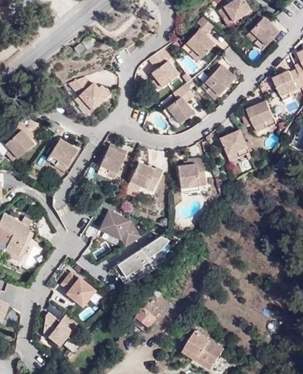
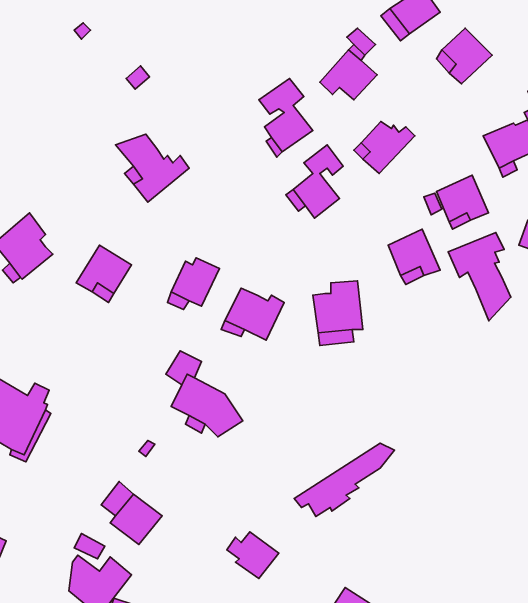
building: none -> [448,233,511,321]
building: [112,236,168,277] -> [294,443,395,517]

